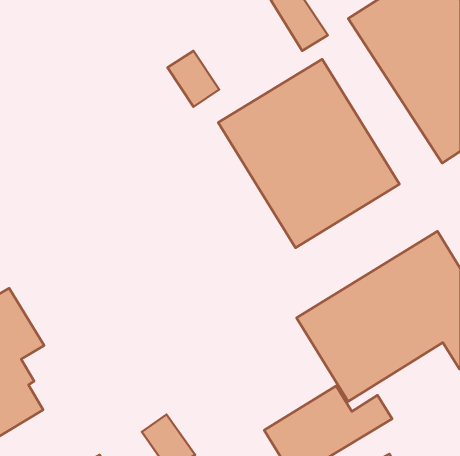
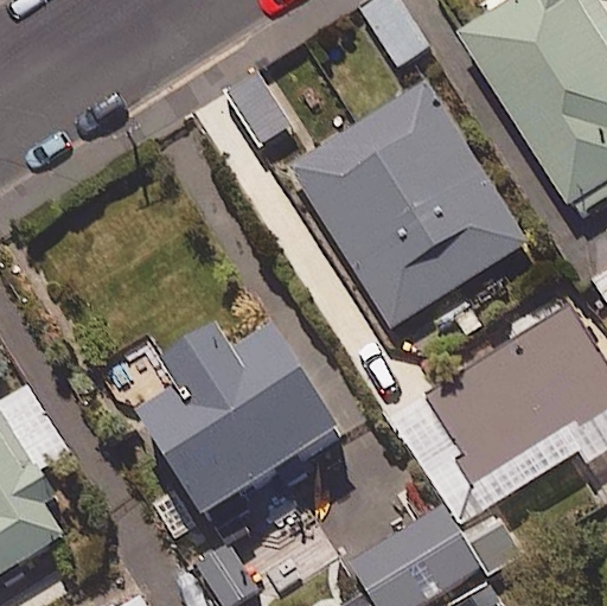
building: none -> [140,320,345,513]

